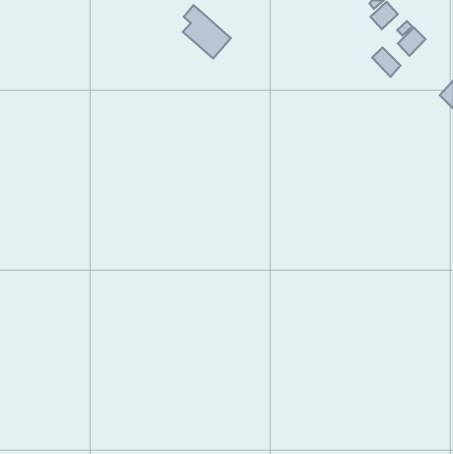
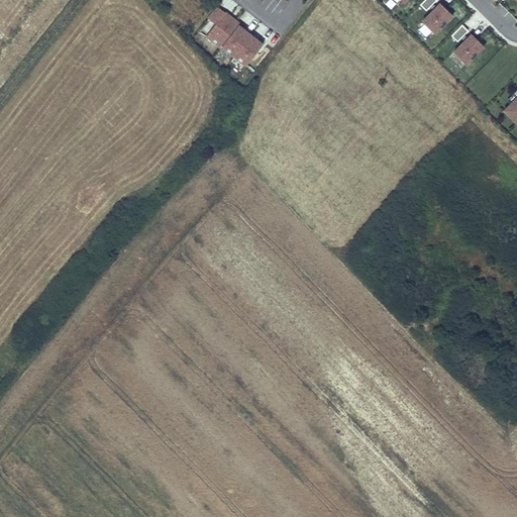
building: [372,47,401,77] -> none

